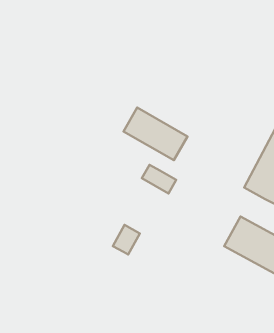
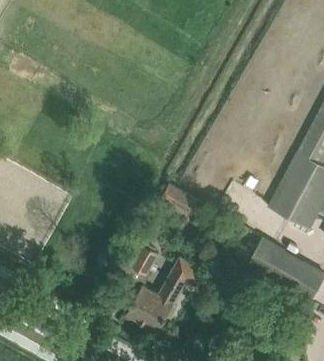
building: [123,108,187,160] -> none
building: none -> [127,258,206,332]

